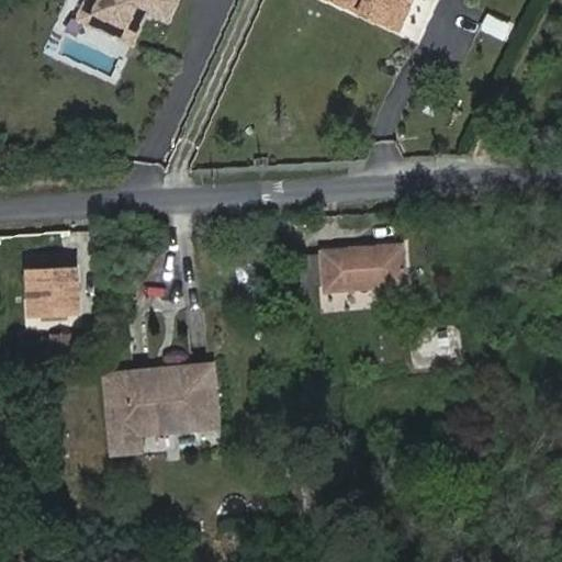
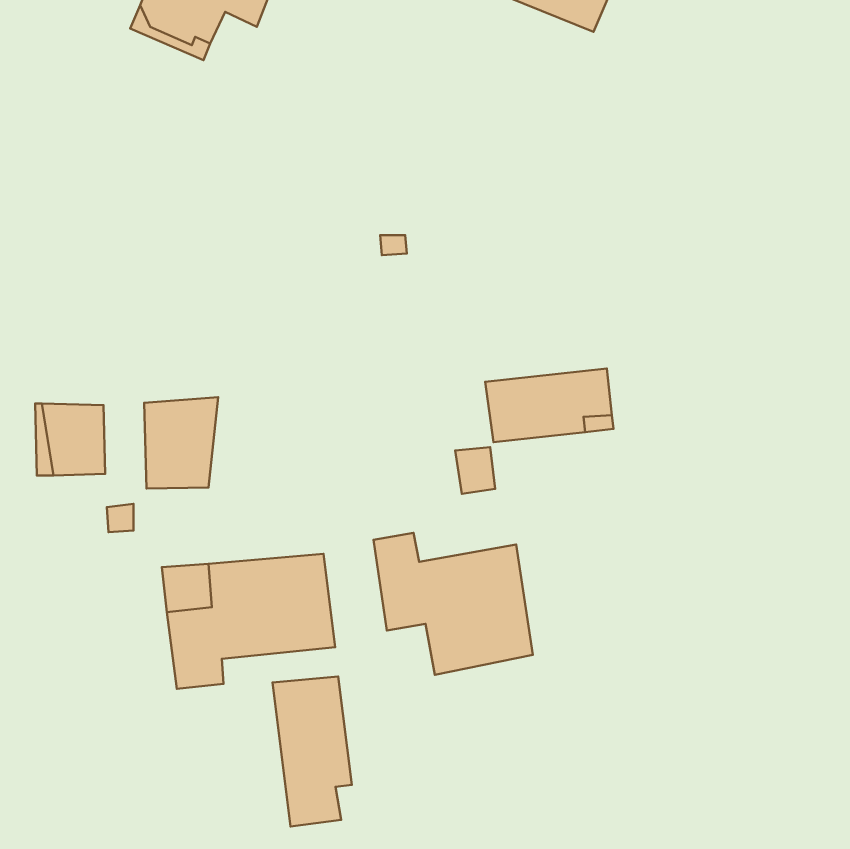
building: none -> [144,397,218,488]
building: none -> [373,533,533,675]
building: none -> [272,676,352,826]

